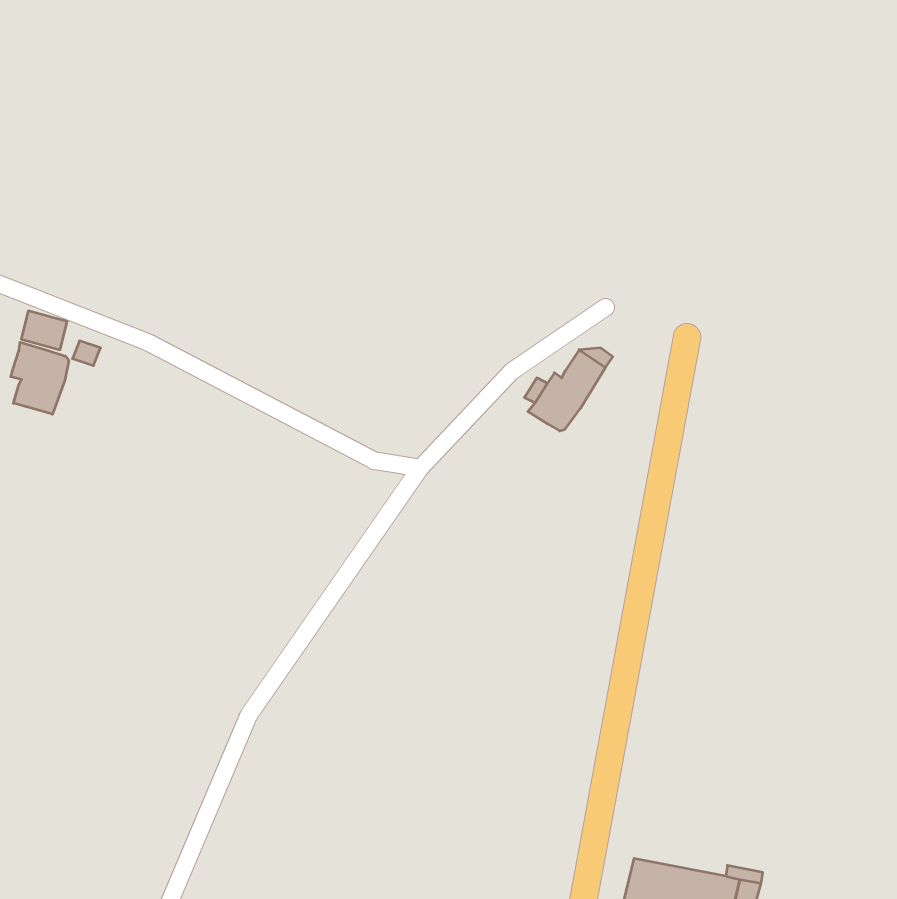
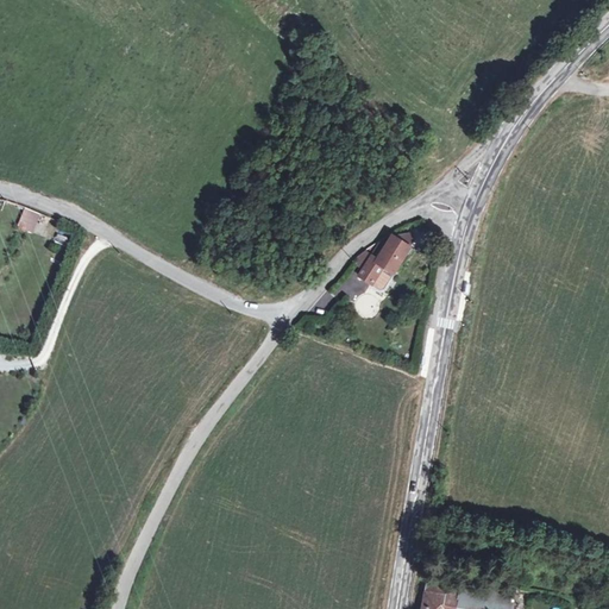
building: [11,342,69,414] -> none

